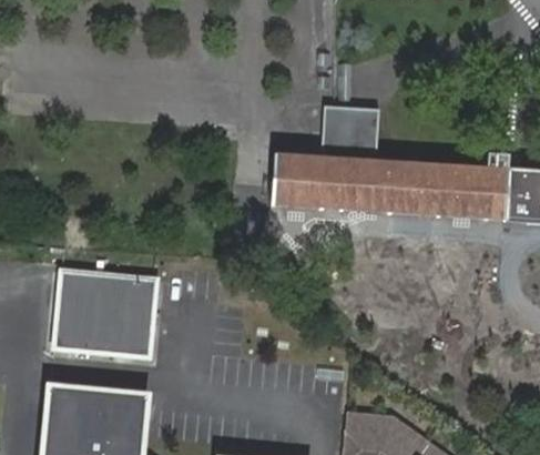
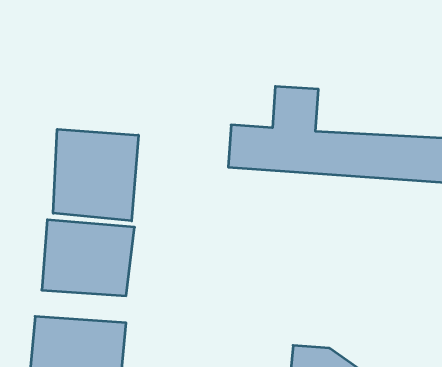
building: none -> [53,129,138,221]

